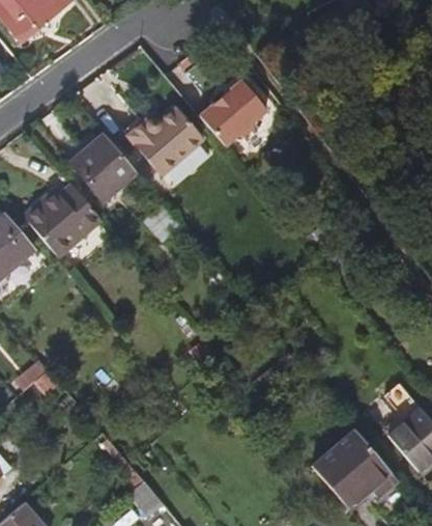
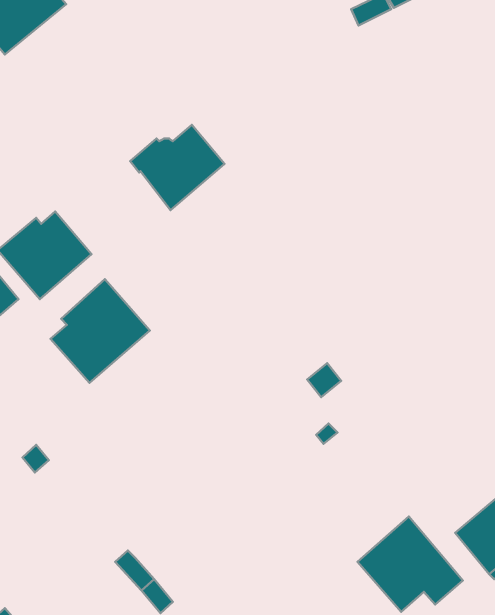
building: [197,78,260,140] -> none
building: [70,133,137,200] -> none
building: none -> [50,279,150,383]

